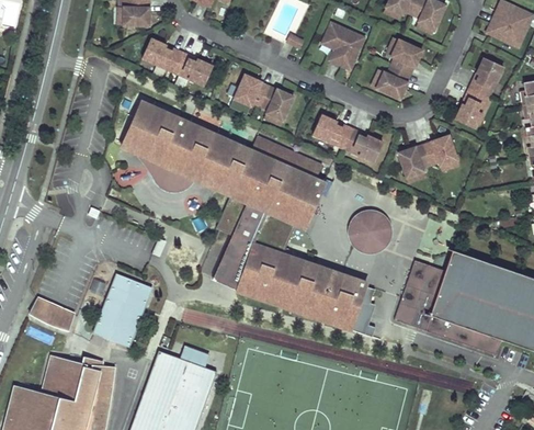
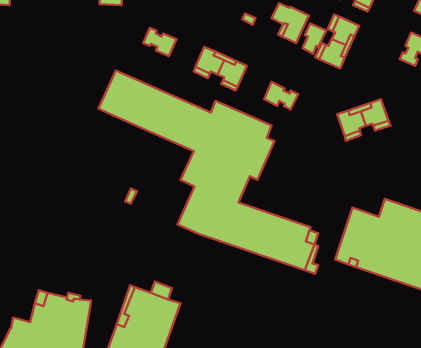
building: [141,38,181,69] -> none
building: none -> [302,24,326,54]
building: [455,88,487,127] -> none
building: [343,128,382,161] -> none
building: [133,150,195,191] -> none
building: [348,208,393,253] -> none
building: [93,273,151,346] -> none
building: [30,297,75,329] -> none

